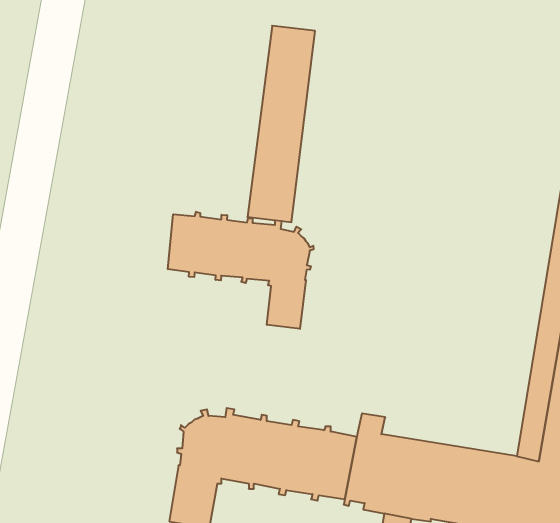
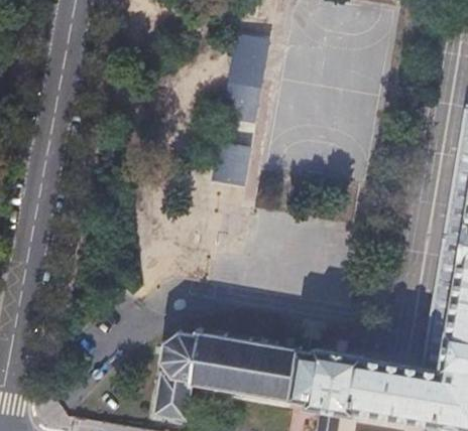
building: [168,212,313,329] -> none

